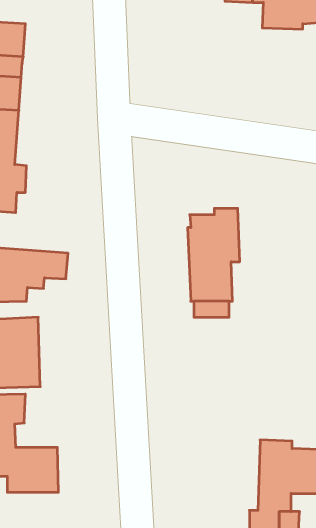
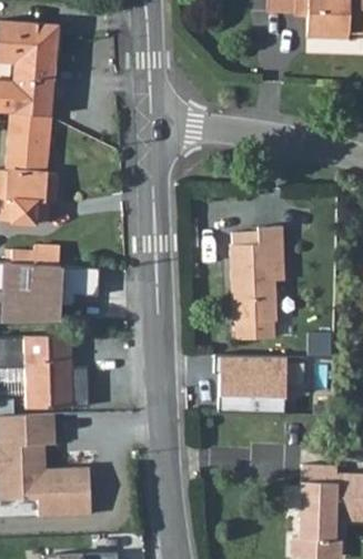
building: none -> [211,353,283,411]

